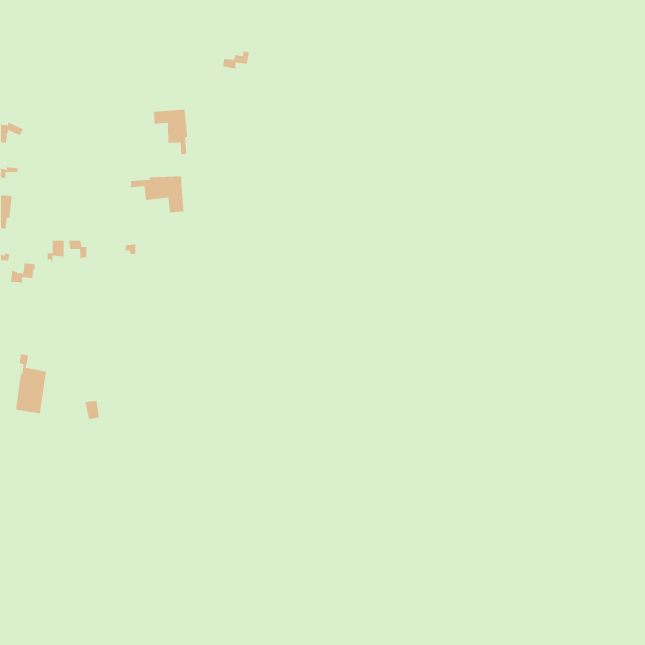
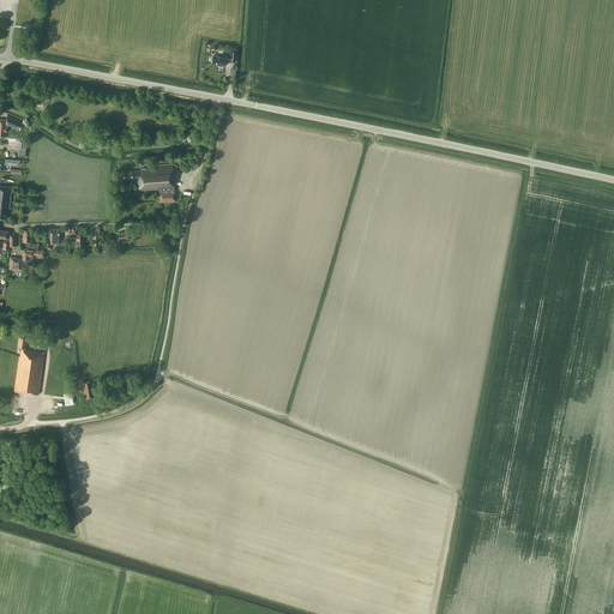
building: [153,109,188,155] -> none

